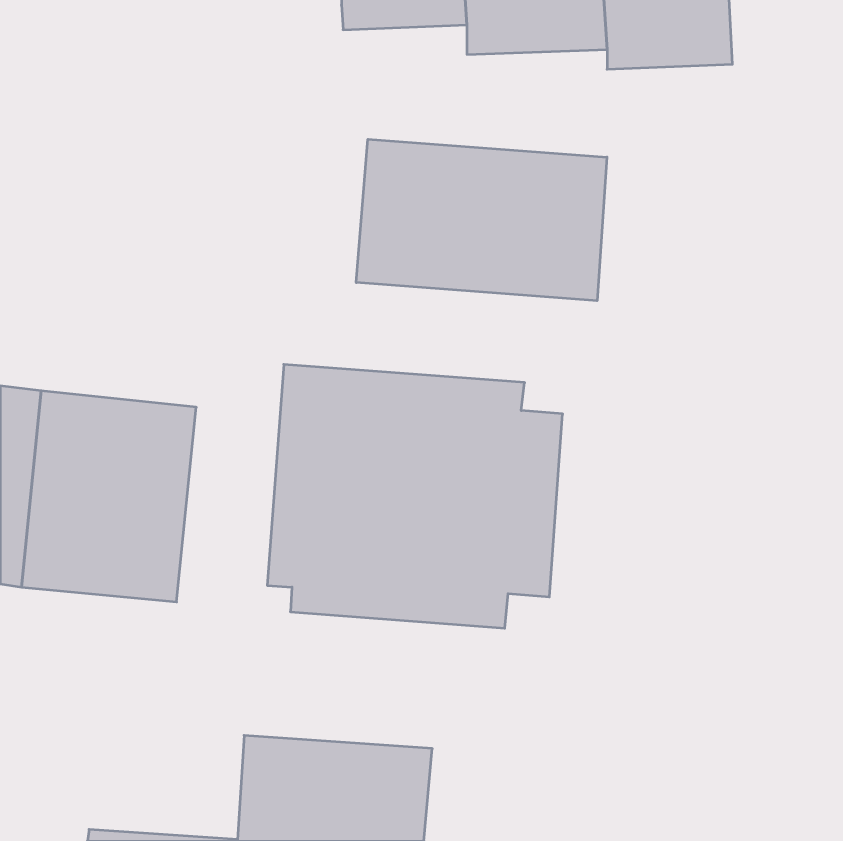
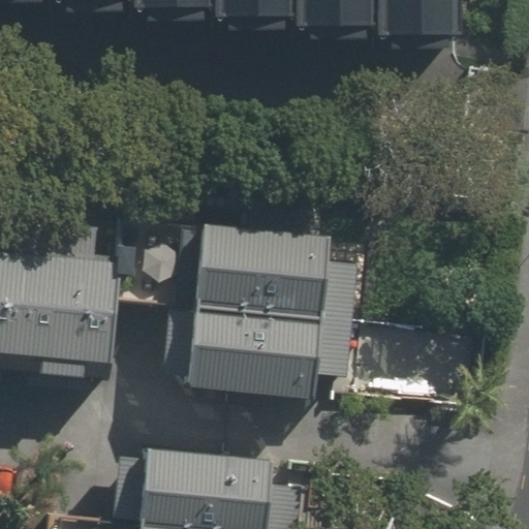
building: [356,139,607,301] -> none

